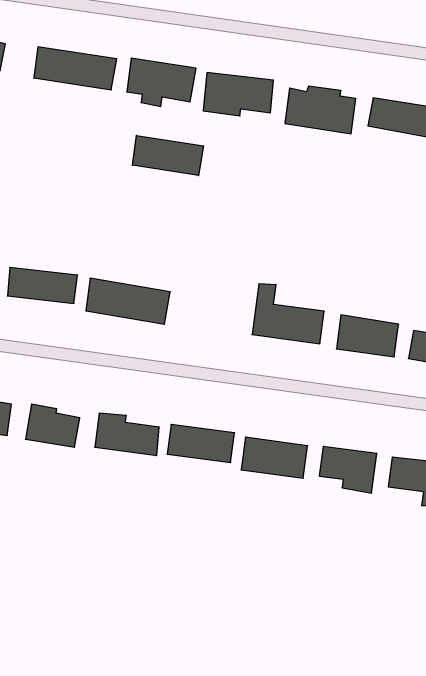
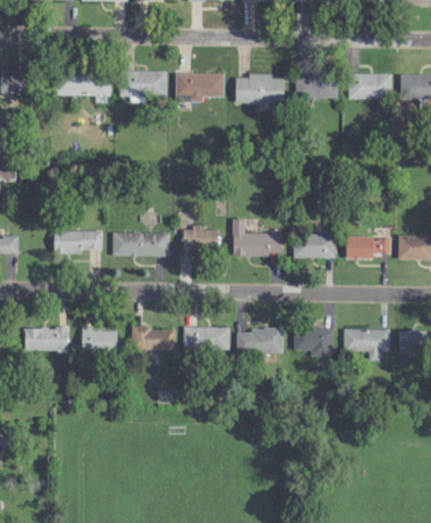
building: [132,135,204,176] -> none
building: none -> [184,225,219,253]

